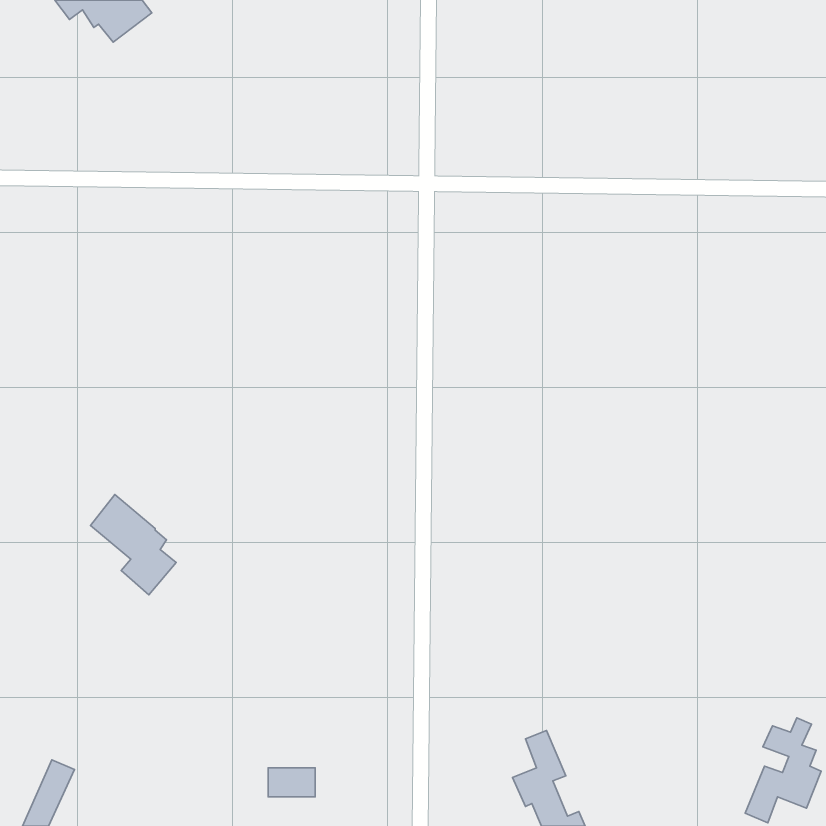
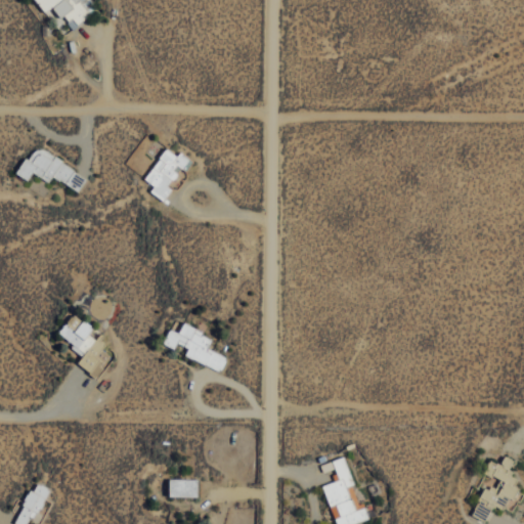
building: none -> [16,144,87,190]
building: none -> [143,147,189,201]
building: none -> [163,323,227,370]

